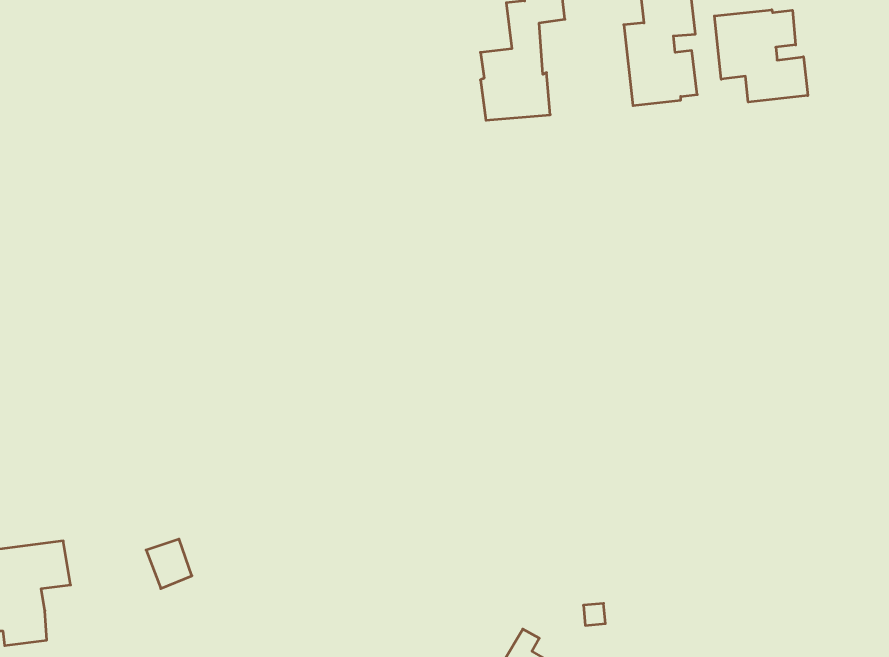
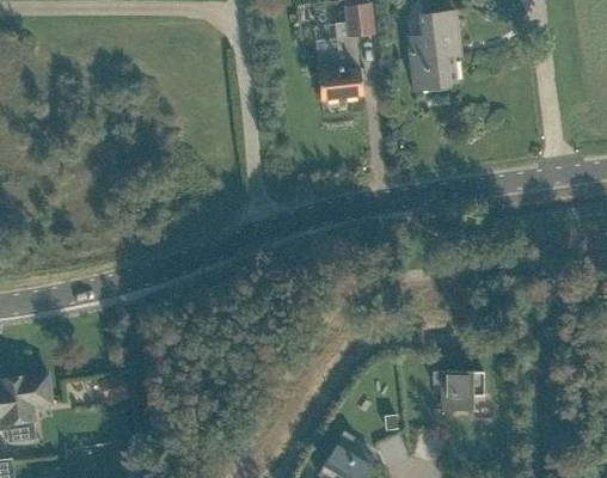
building: [714,10,808,102] -> none
building: none -> [433,372,484,411]

